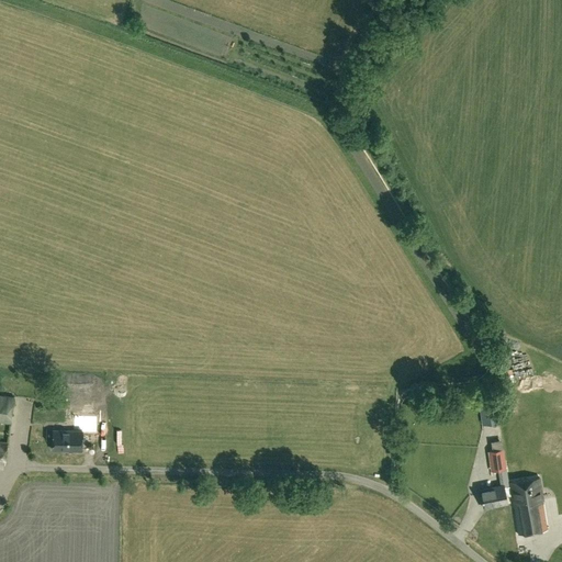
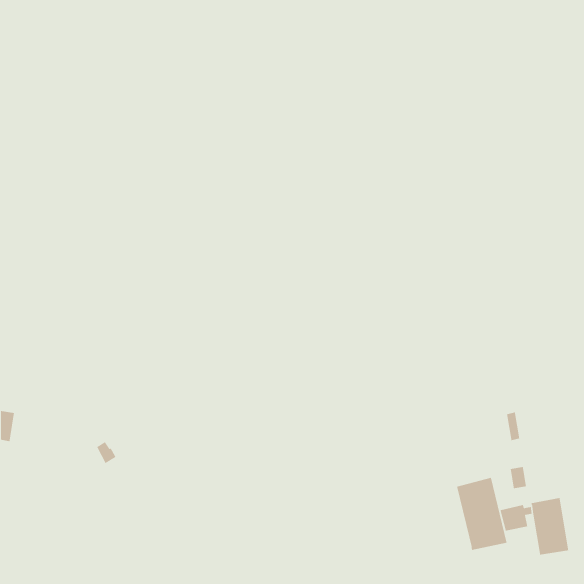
building: [53,430,82,451] -> none
building: none -> [456,477,507,551]

